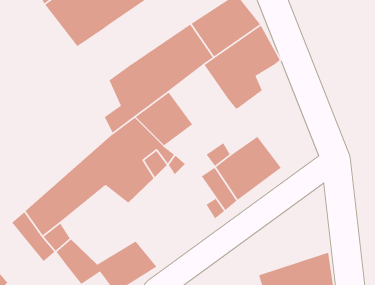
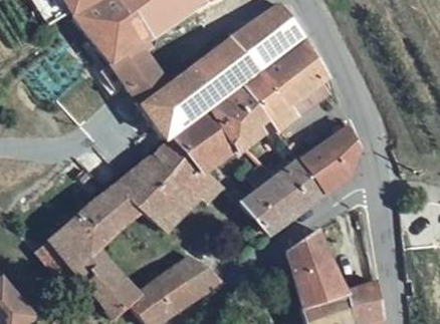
building: none -> [109,40,164,102]
building: none -> [207,83,269,156]
building: none -> [301,125,362,193]
building: none -> [285,232,344,306]
building: none -> [172,258,218,298]

